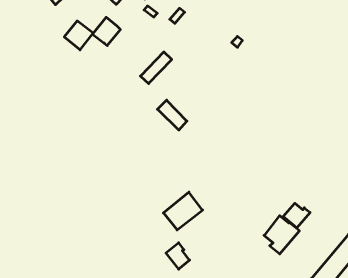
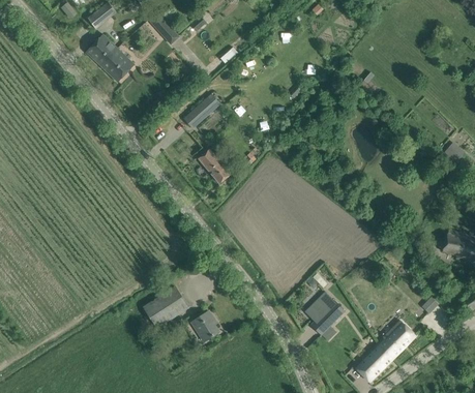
building: [92,17,120,46] -> [86,34,118,66]
building: [163,192,203,230] -> [144,286,188,328]
building: [283,203,310,228] -> none

